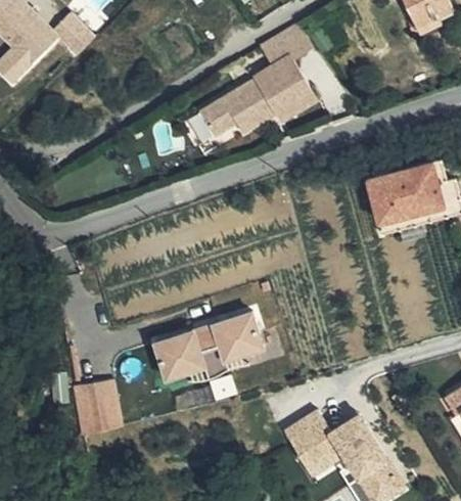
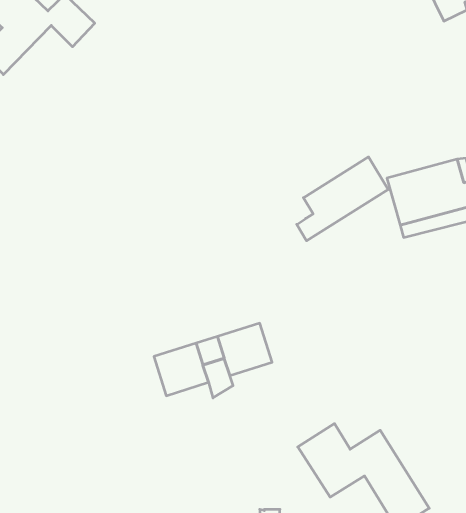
building: [198,24,315,135] -> none
building: none -> [297,157,388,241]
building: [71,381,122,438] -> none

